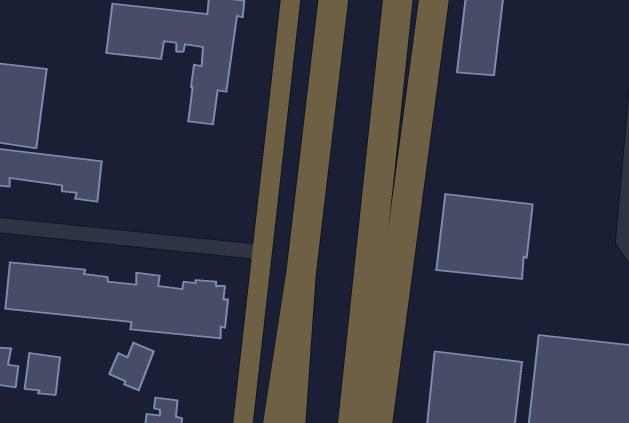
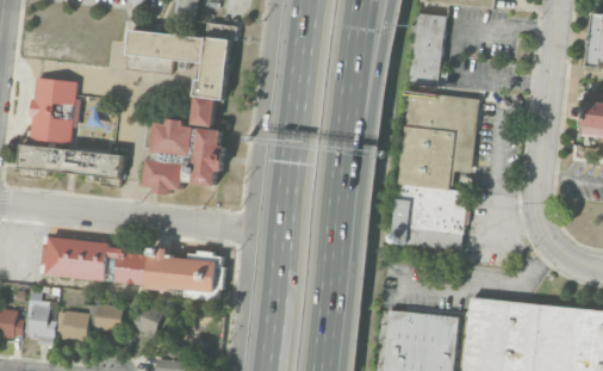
building: none -> [398,92,479,188]
building: none -> [145,119,224,194]
building: none -> [94,304,123,333]

